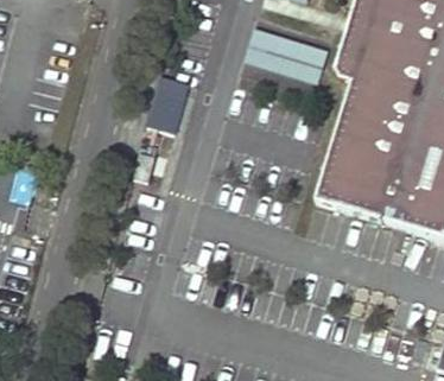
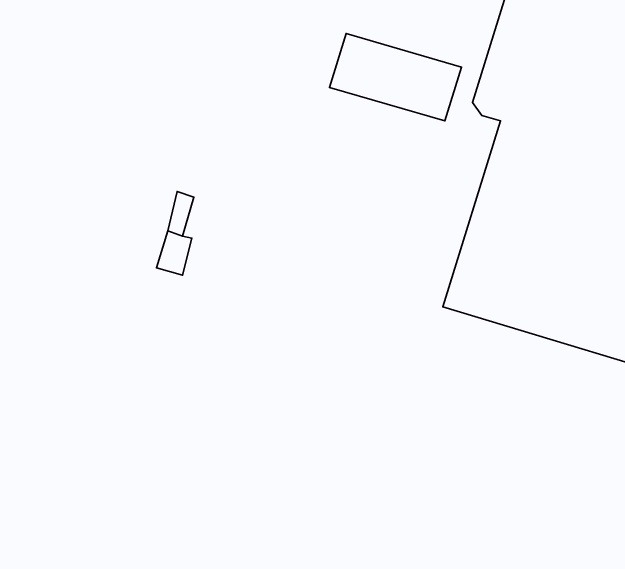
building: [145,74,190,131] -> none

